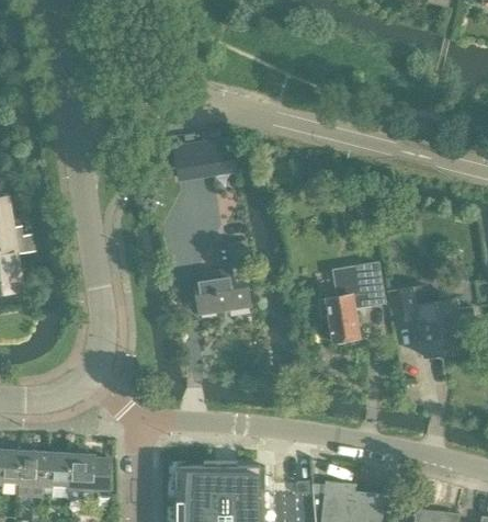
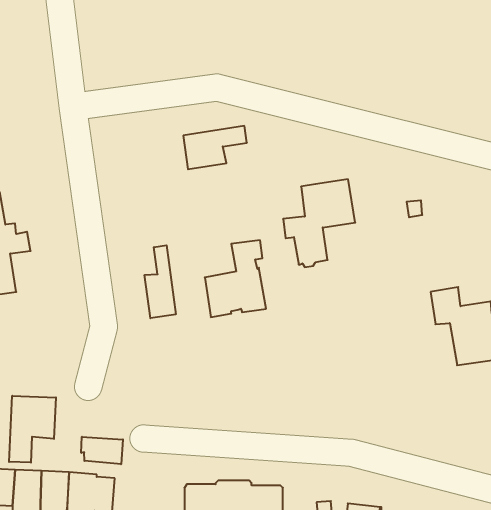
building: none -> [145,245,176,318]
building: [317,263,383,343] -> [283,179,355,267]
building: none -> [9,396,56,463]
building: none -> [81,437,123,464]

